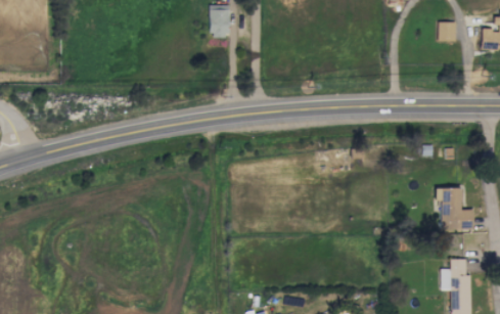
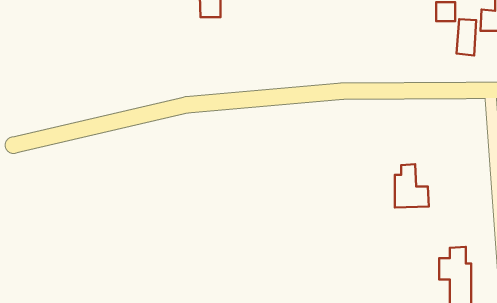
building: none -> [457,19,476,55]
building: [441,187,473,229] -> [395,164,429,208]

